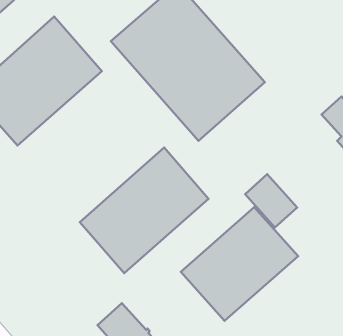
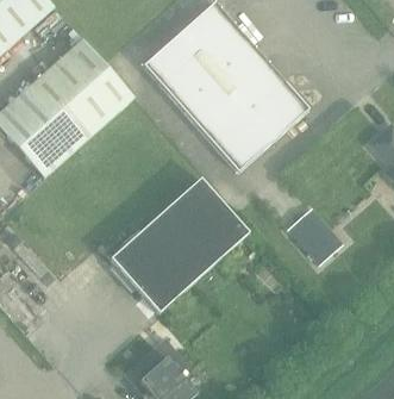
building: [181,207,298,321] -> none

